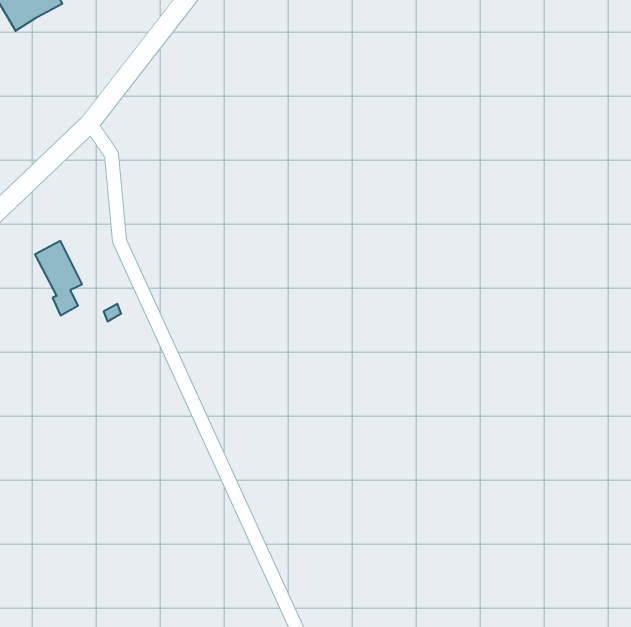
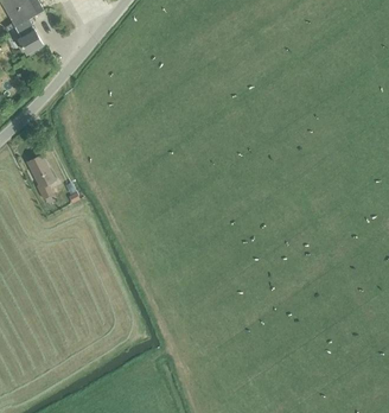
building: none -> [14,19,42,53]

